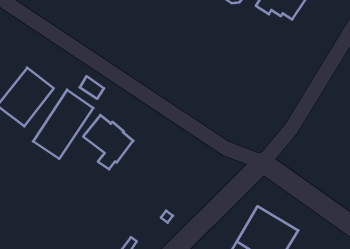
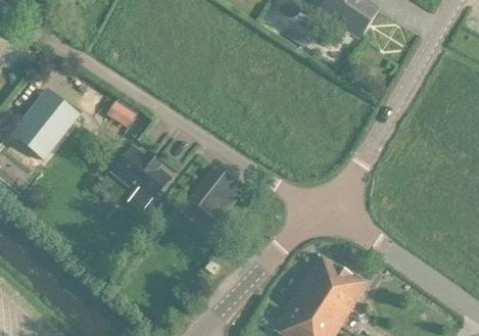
building: [33,90,93,159] -> none
building: none -> [191,165,244,221]

